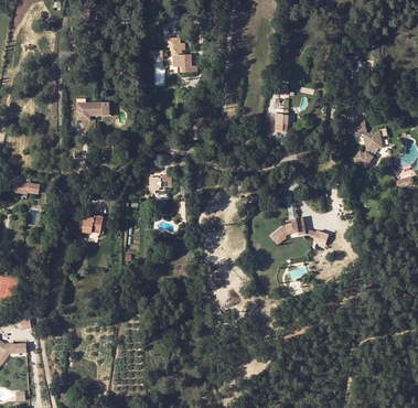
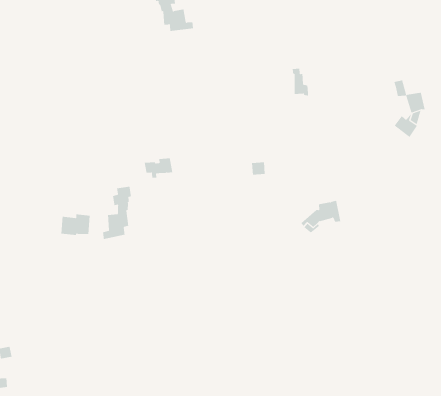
building: [76,97,111,116] -> none
building: none -> [102,186,131,240]

